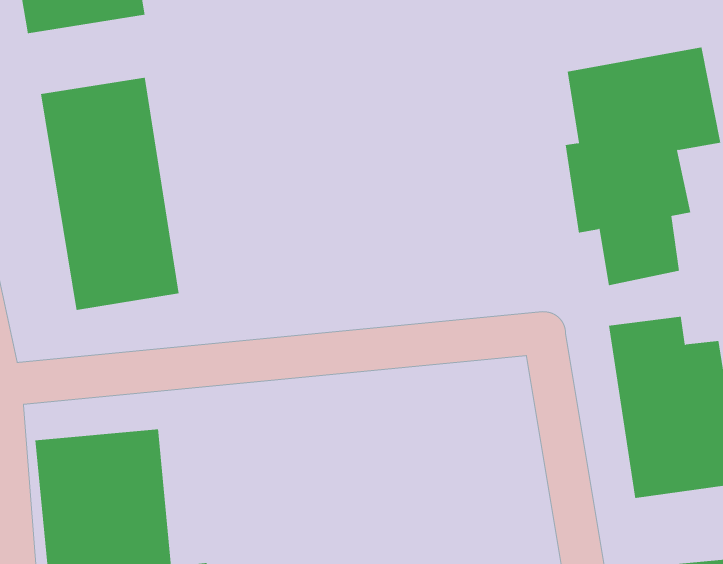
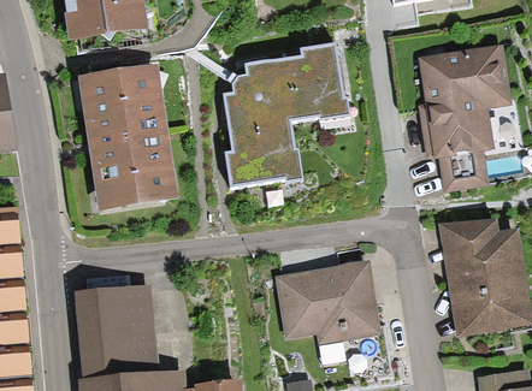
building: none -> [219,40,347,191]
building: none -> [282,269,372,346]

